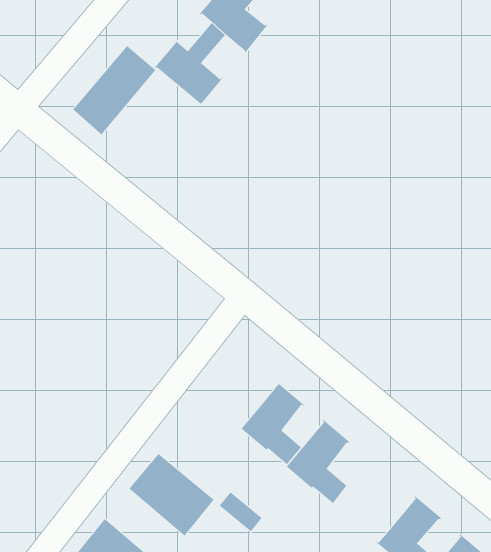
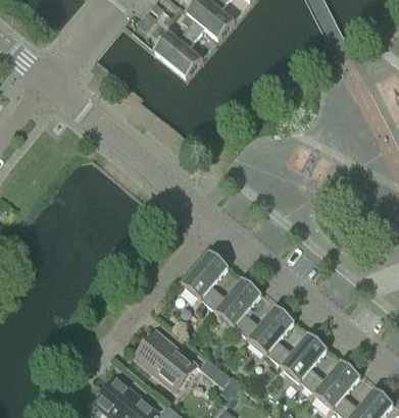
building: [72,45,156,135] -> none
building: none -> [181,250,229,310]
building: none -> [280,331,327,393]

